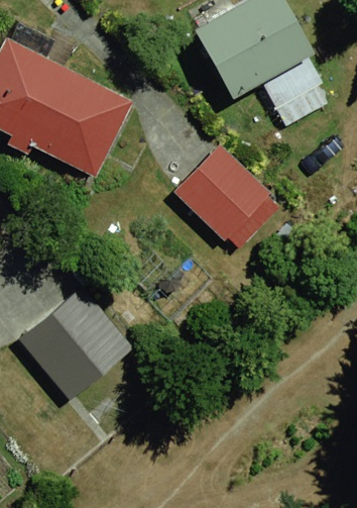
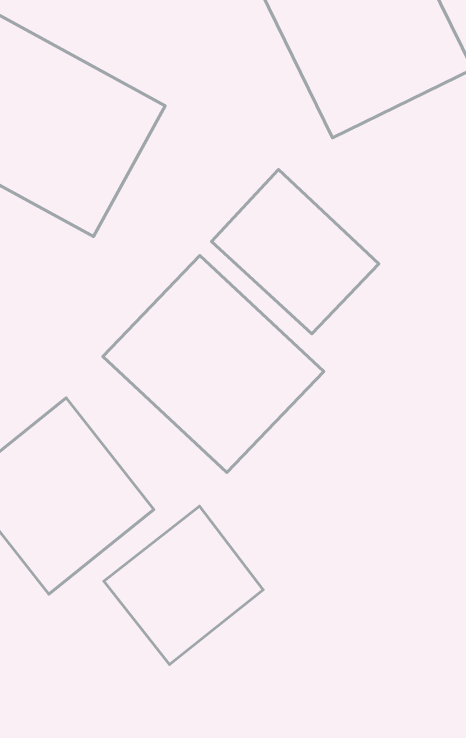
building: none -> [103,255,324,473]
building: none -> [104,506,263,665]

